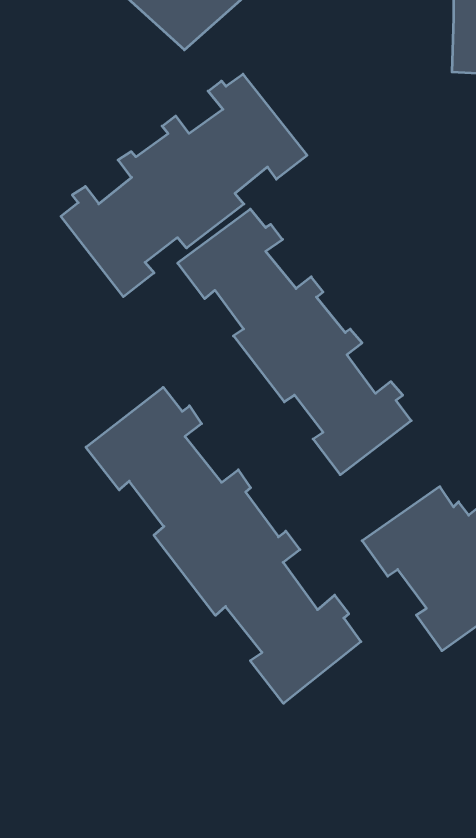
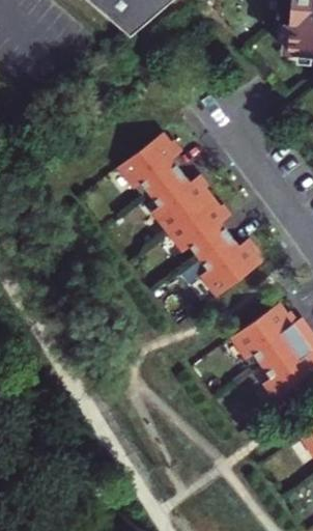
building: [61,74,307,297] -> none
building: [86,387,361,703] -> none

